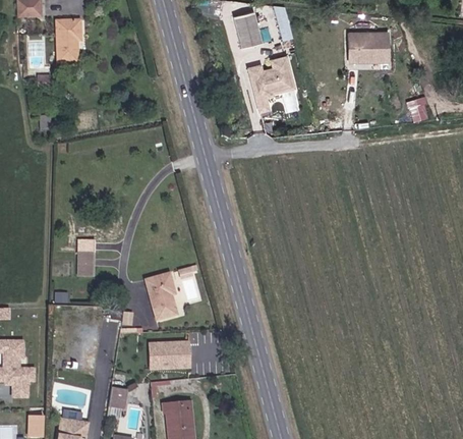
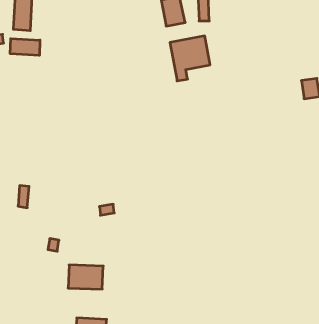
building: [347,34,387,63] -> none
building: none -> [10,39,40,55]
building: [147,272,182,320] -> none
building: [107,386,128,409] -> none

